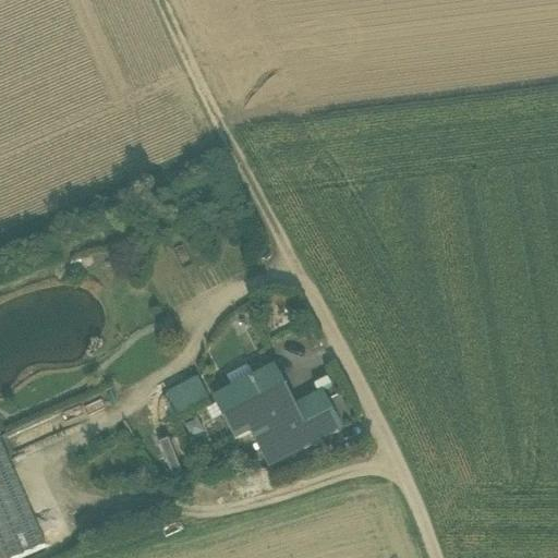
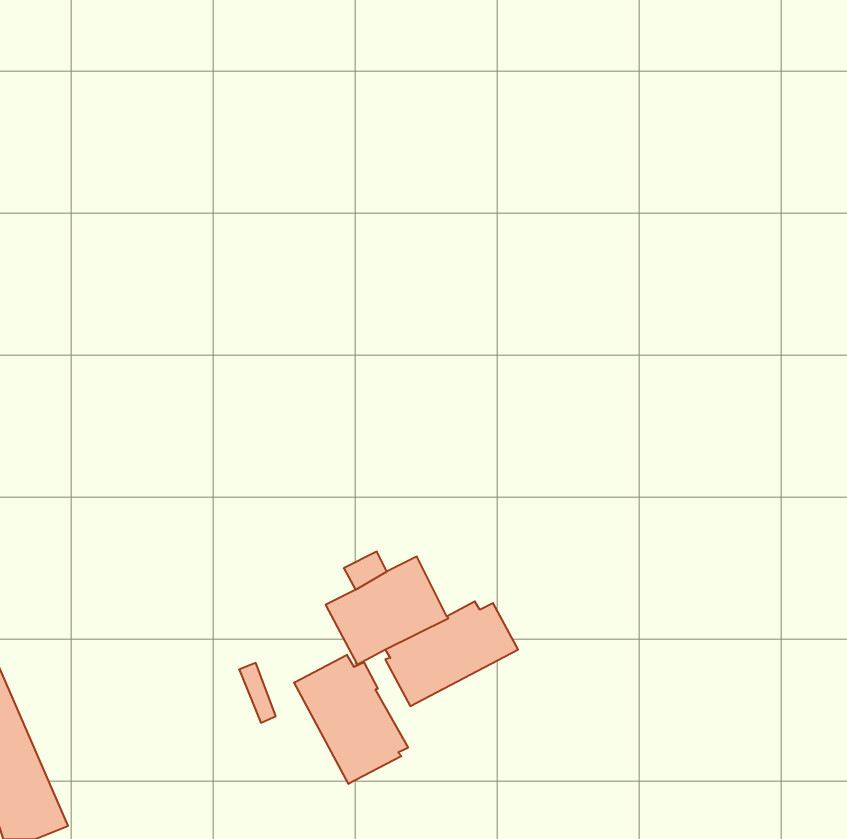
building: [166,375,206,409] -> none
building: none -> [294,655,408,784]

